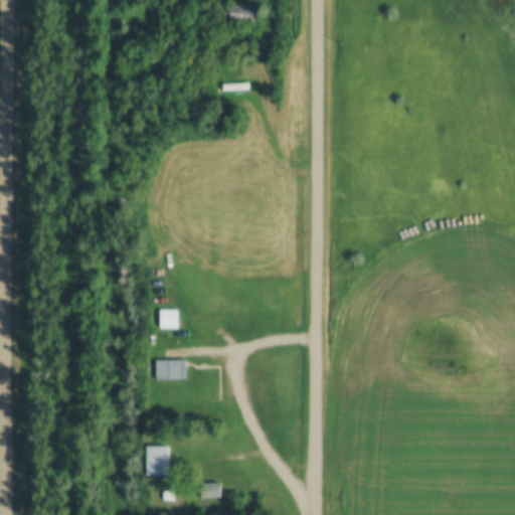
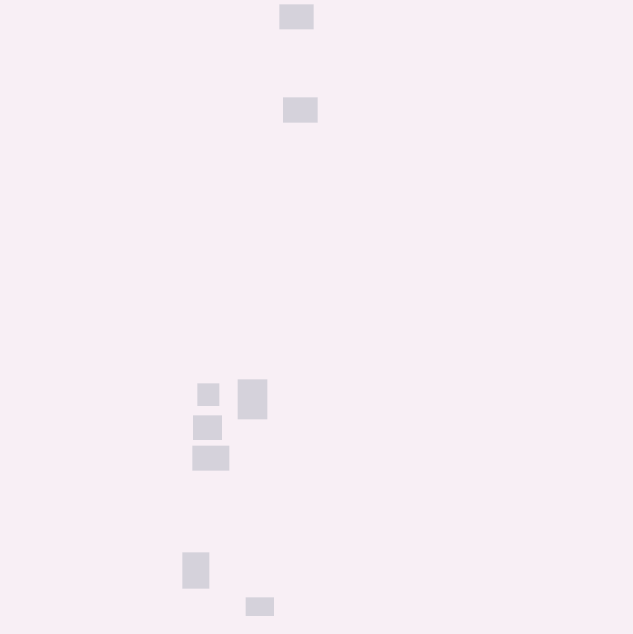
building: none -> [237,379,268,420]
building: none -> [192,415,223,441]

